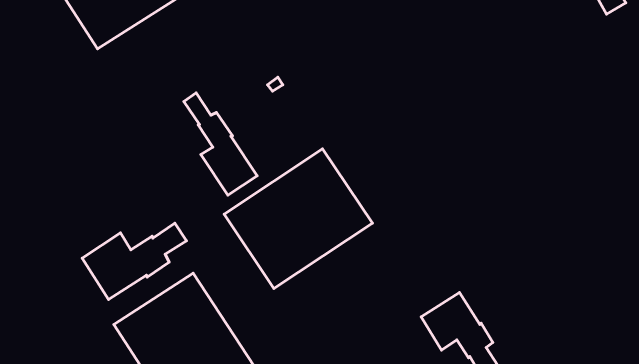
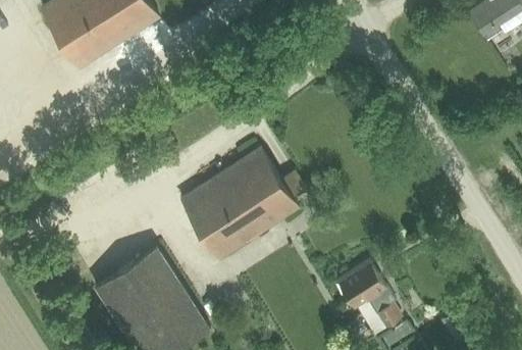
building: [184,93,257,195] -> none
building: [82,223,186,299] -> none

